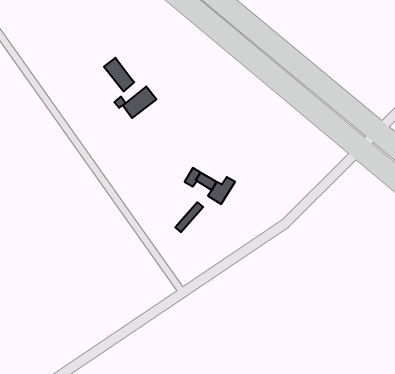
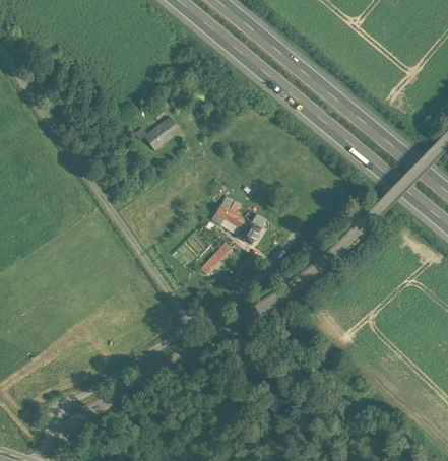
building: [104,58,134,91] -> none

